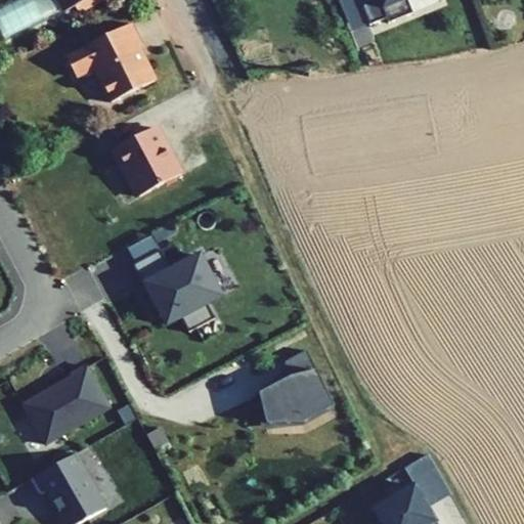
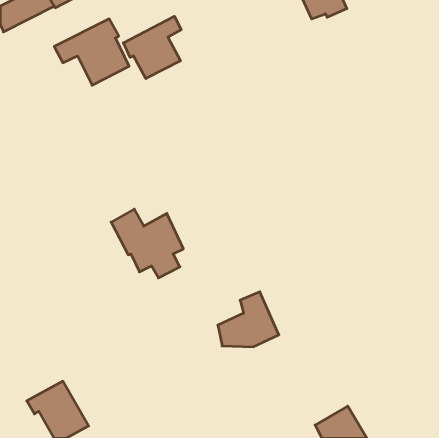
building: none -> [123,16,181,79]
building: [116,125,182,193] -> none
building: [24,364,110,443] -> none
building: [405,452,450,505] -> none

